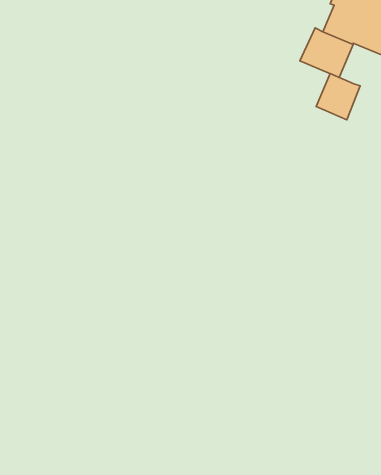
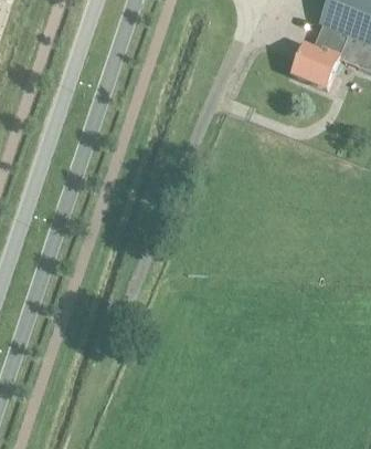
building: [316,74,360,120] -> none

